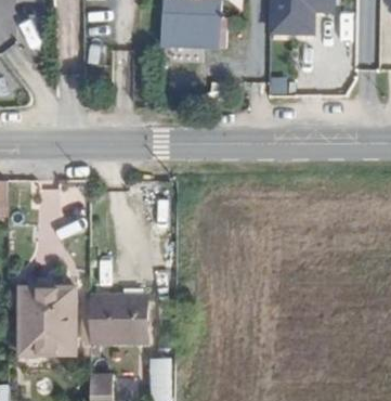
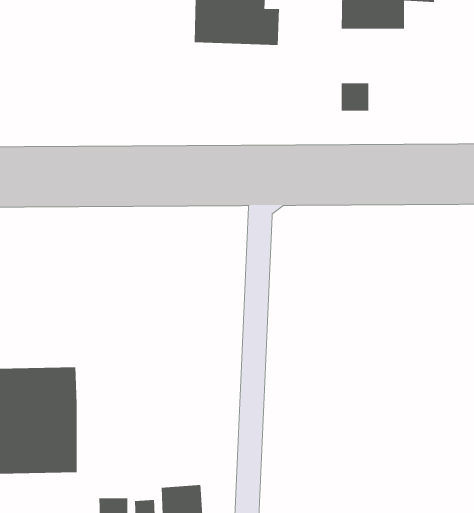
building: [90,292,146,354] -> none

